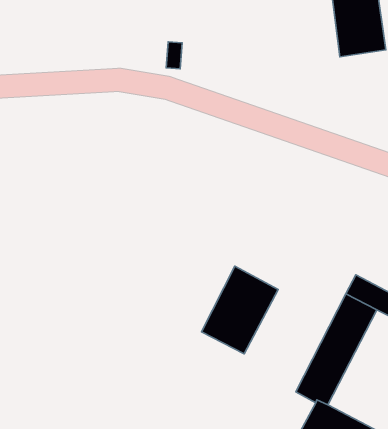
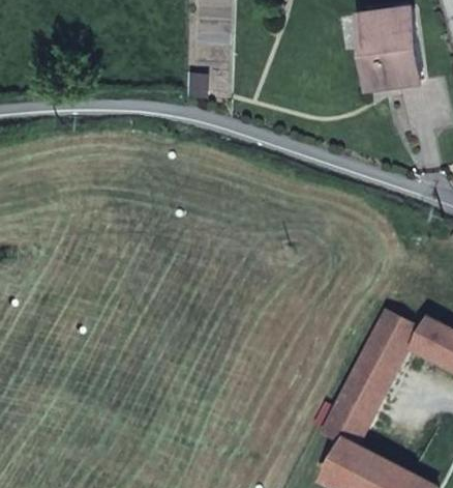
building: [202,266,278,354] -> none

